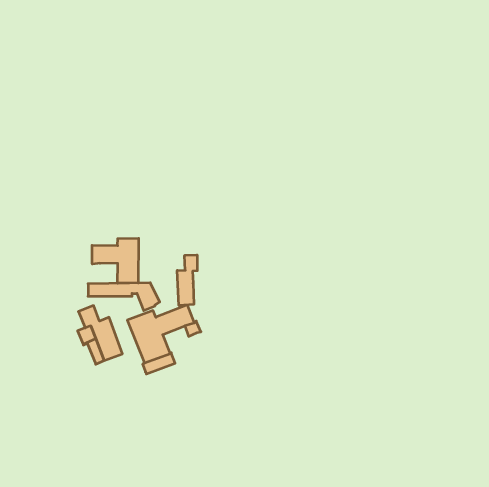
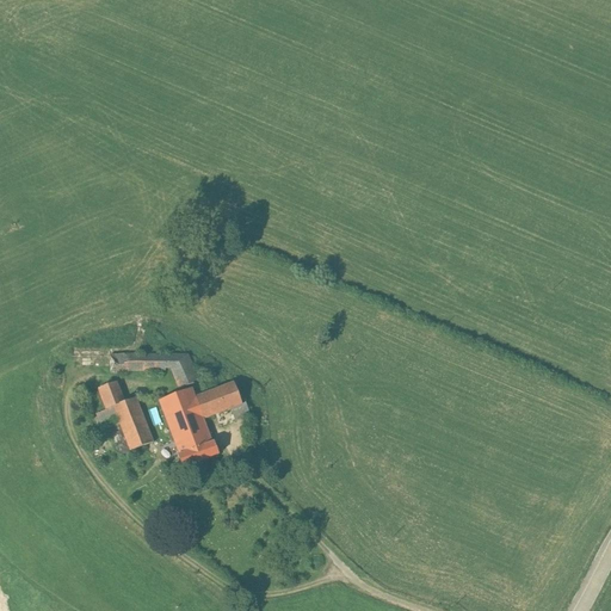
building: [92,238,139,283] -> none
building: [177,255,197,305] -> none

